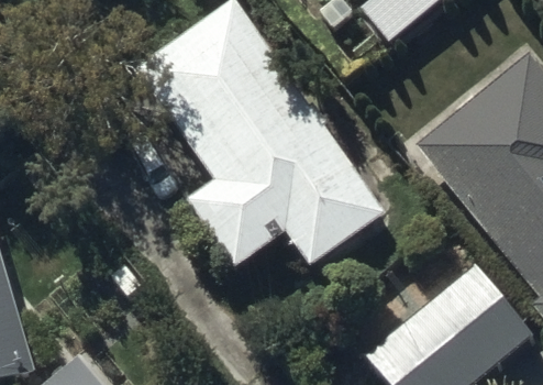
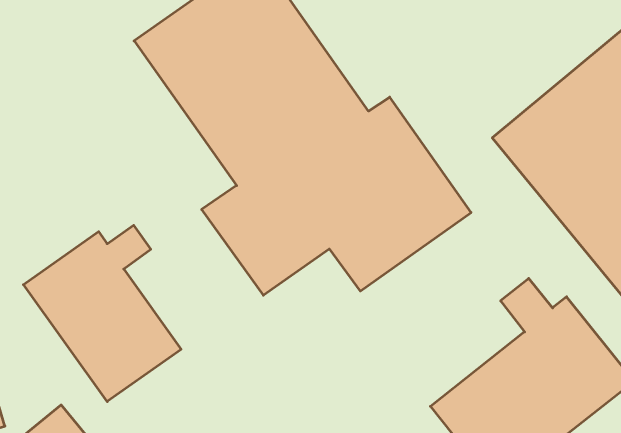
building: none -> [23,225,181,402]

